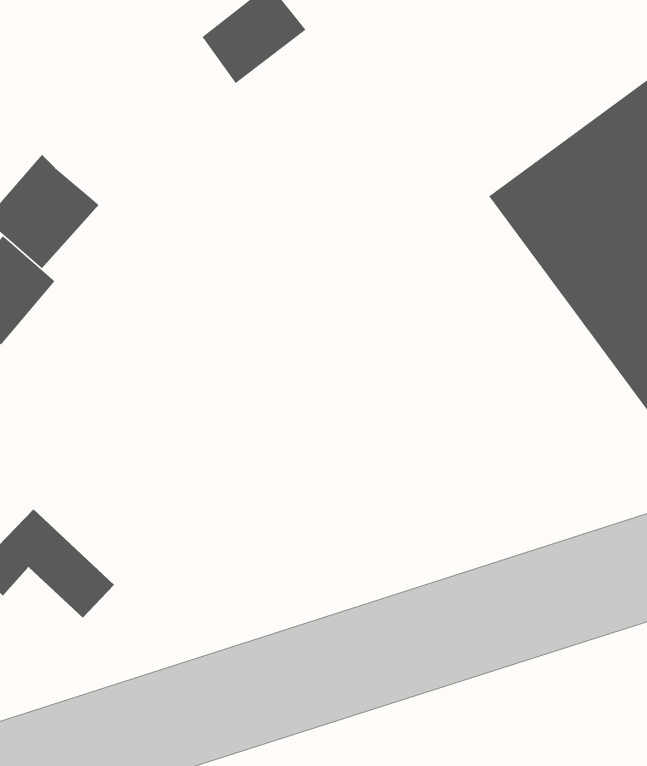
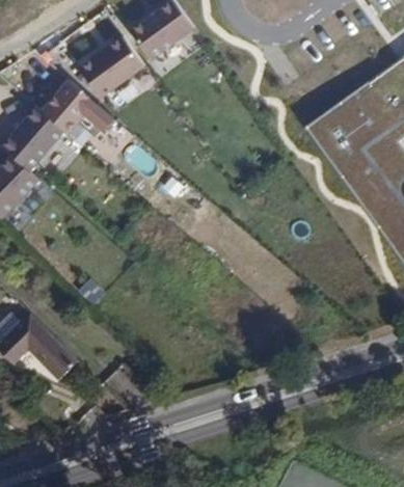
building: none -> [78,33,144,96]
building: none -> [39,78,113,135]

